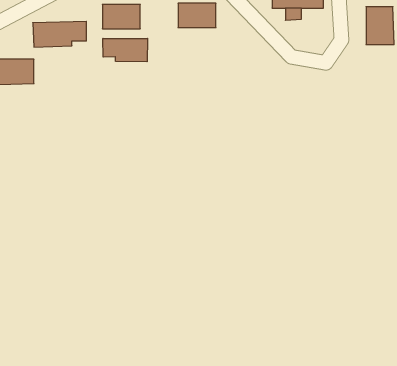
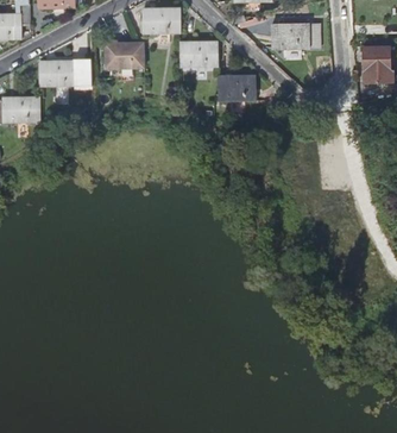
building: [103,38,148,62] -> none
building: none -> [219,77,256,101]

